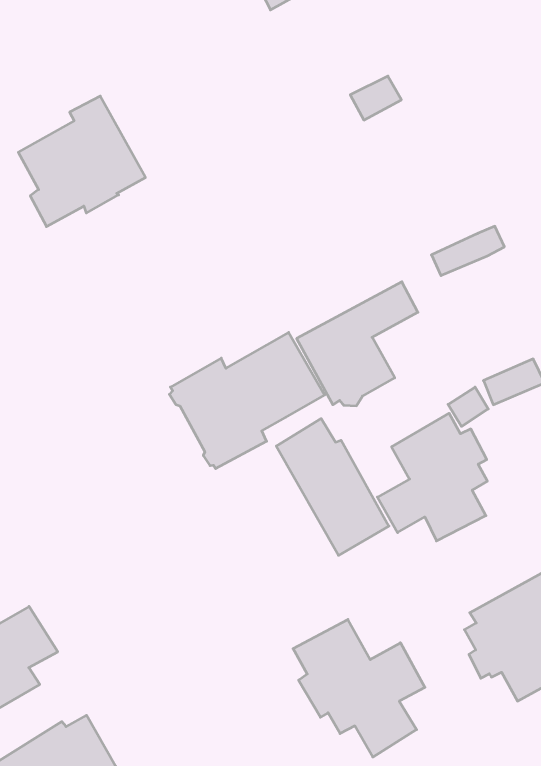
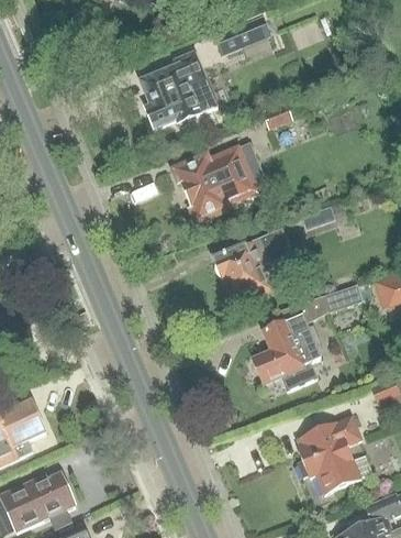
building: [18,96,145,227] -> [141,52,216,128]
building: [169,332,325,469] -> [172,143,267,221]
building: [276,419,389,555] -> none
building: [293,619,425,757] -> none

